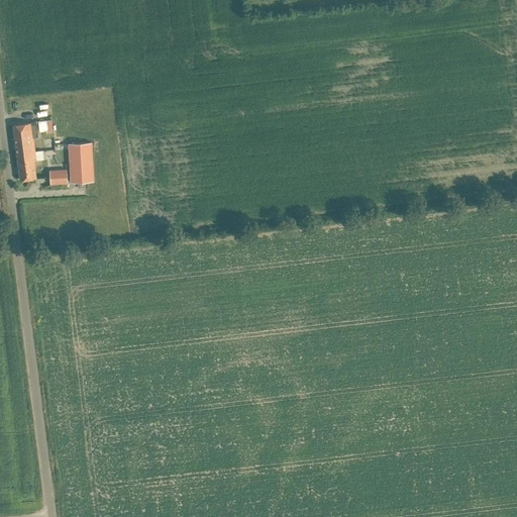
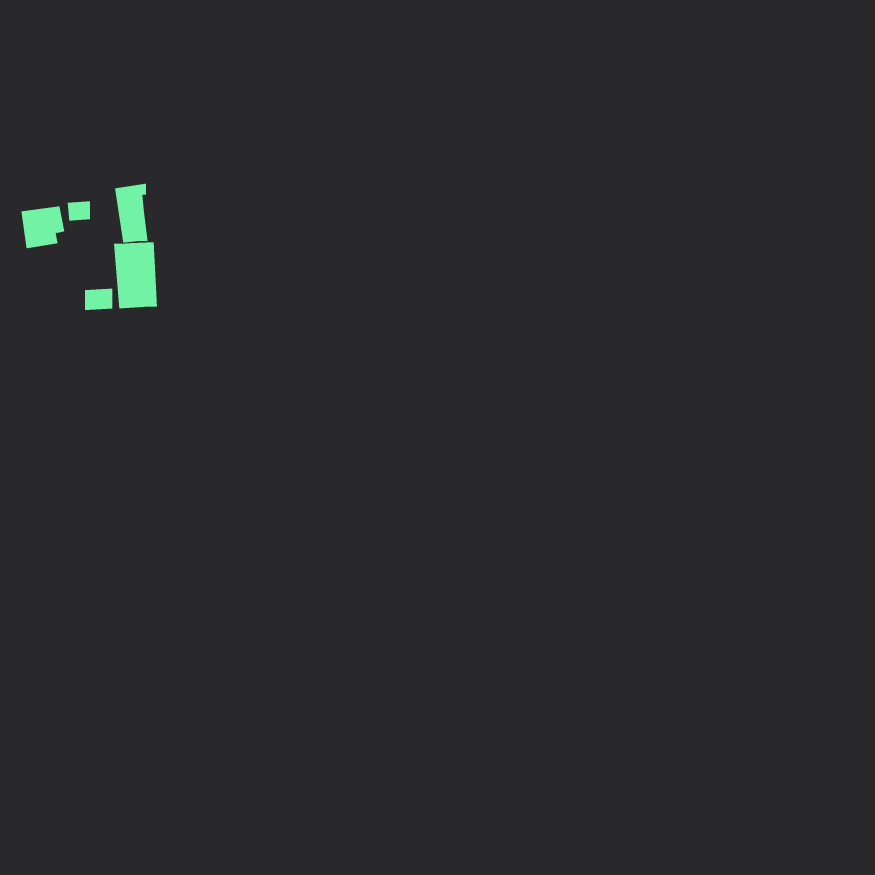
building: [15,144,35,180] -> [114,183,148,243]

